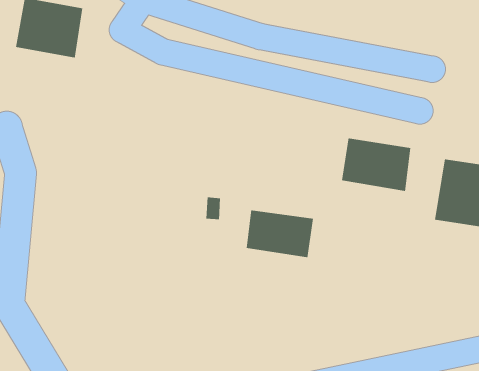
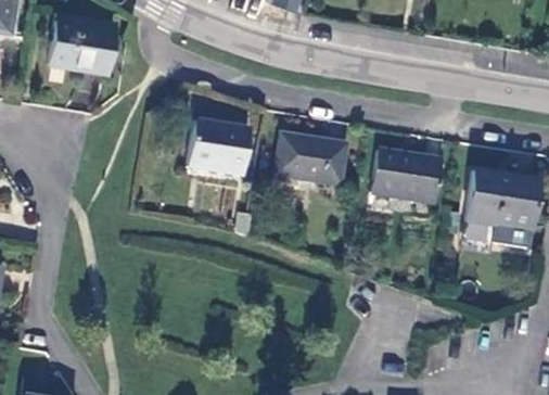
building: none -> [188,124,248,178]
building: [246,210,314,258] -> [278,138,345,186]

